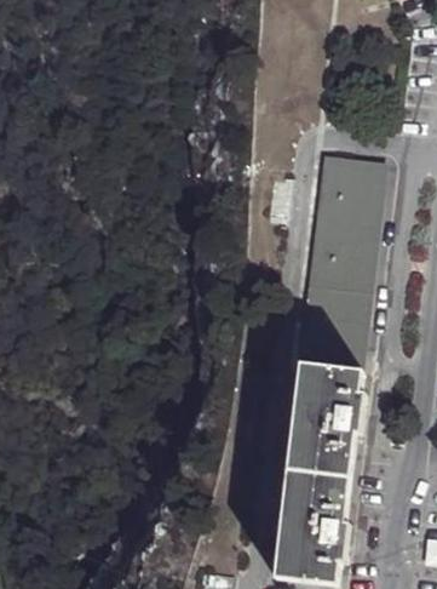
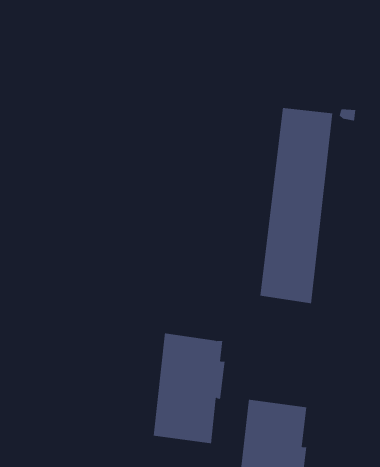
building: [287,359,364,478] -> [153,333,225,444]

